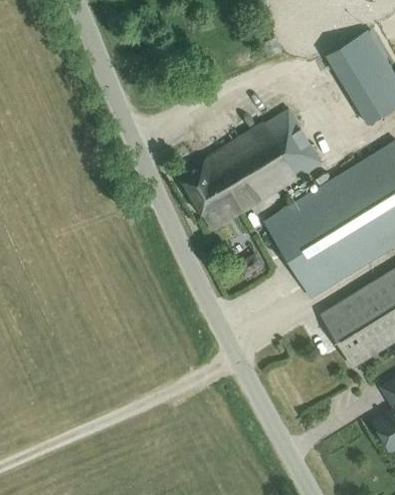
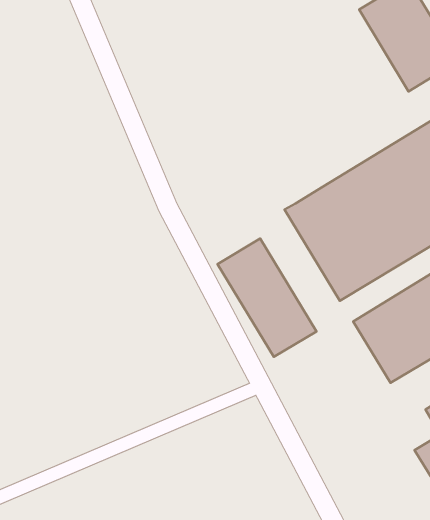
building: [180,108,320,217] -> none
building: none -> [217,239,317,357]

